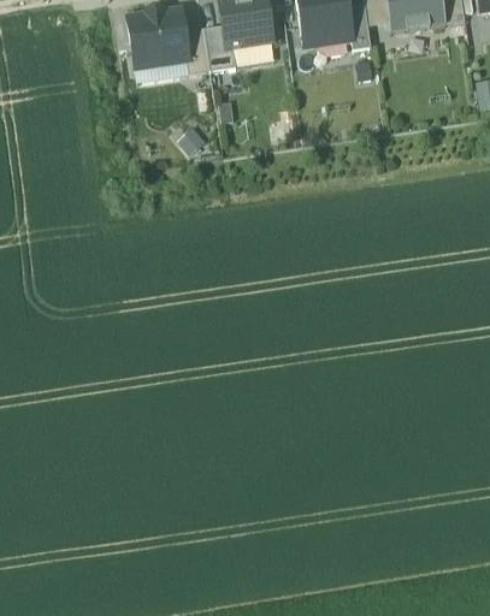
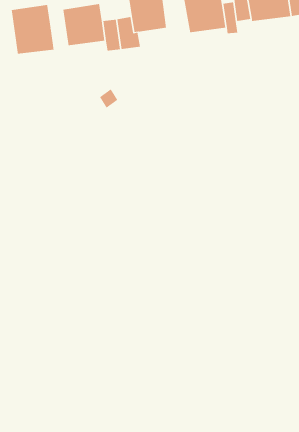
building: none -> [11,4,54,54]

